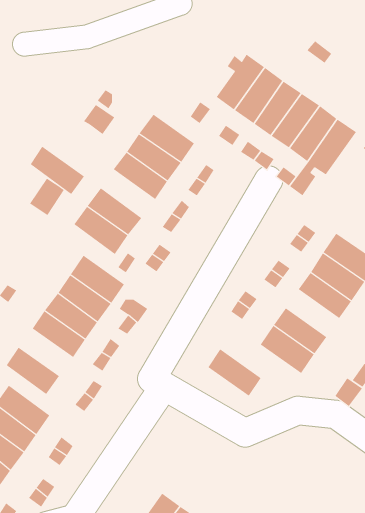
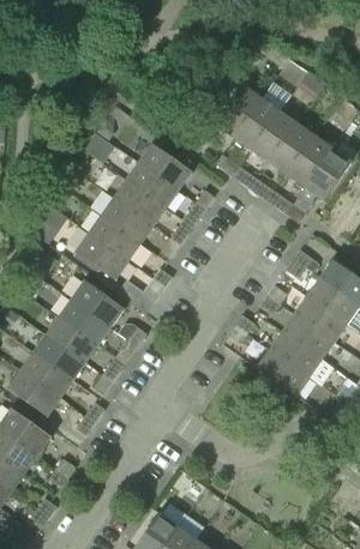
building: [30,146,85,195] -> [100,197,154,245]
building: none -> [19,352,73,399]
building: [208,349,261,396] -> [281,314,334,361]

